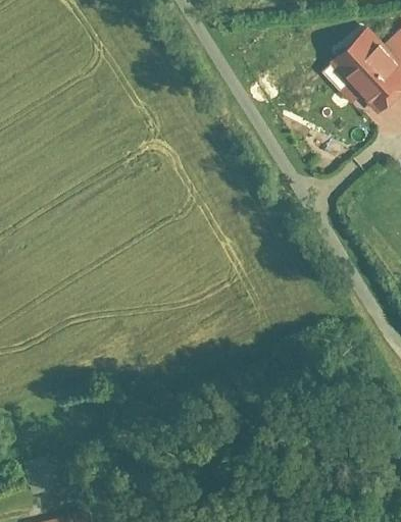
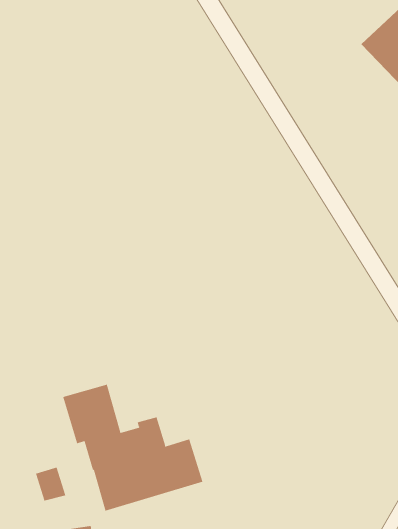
building: none -> [62,384,203,511]

